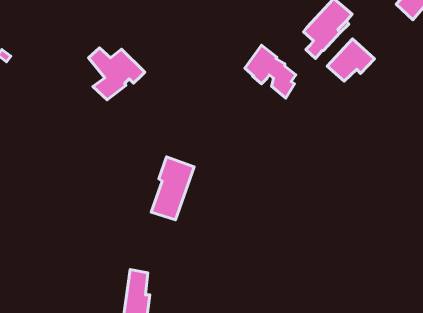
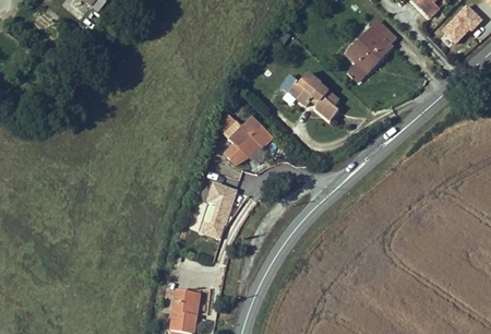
building: [327,39,374,81] -> none
building: [88,48,145,100] -> [217,114,273,165]

